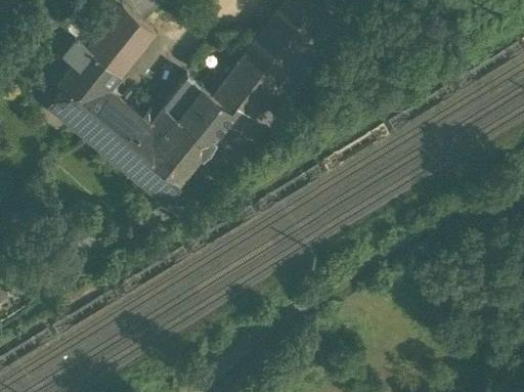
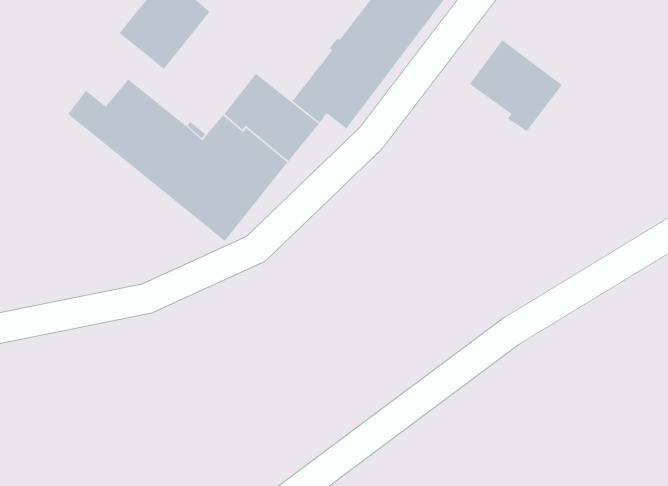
building: [45,51,106,103] -> none
building: none -> [469,39,563,132]

